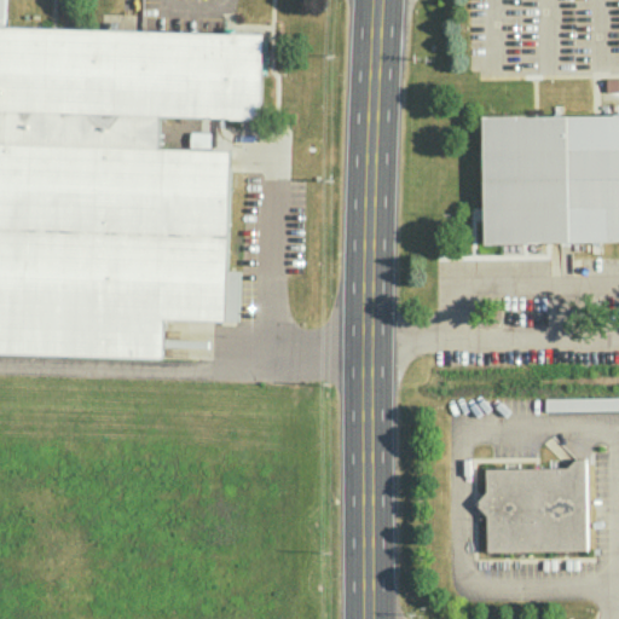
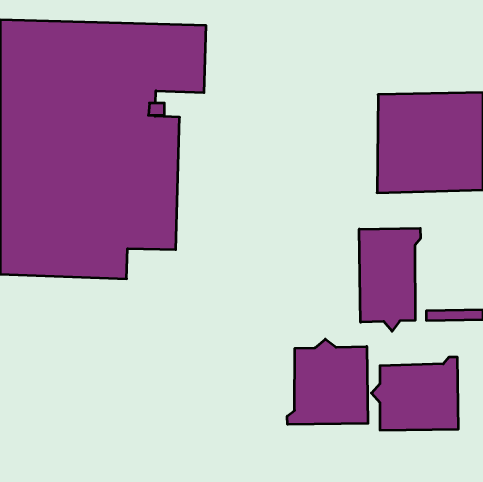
building: none -> [359,228,420,331]
building: none -> [287,339,368,424]

